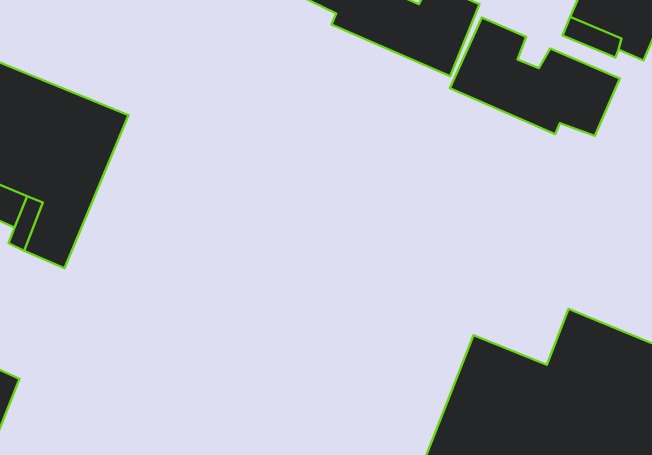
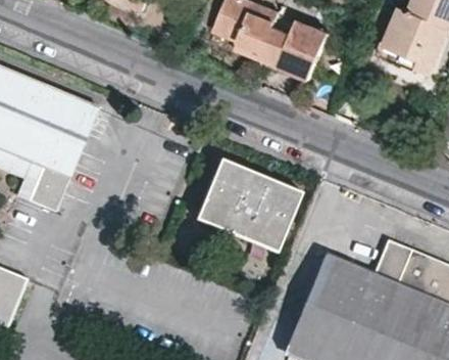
building: [450,18,620,136] -> none
building: none -> [195,159,301,250]

